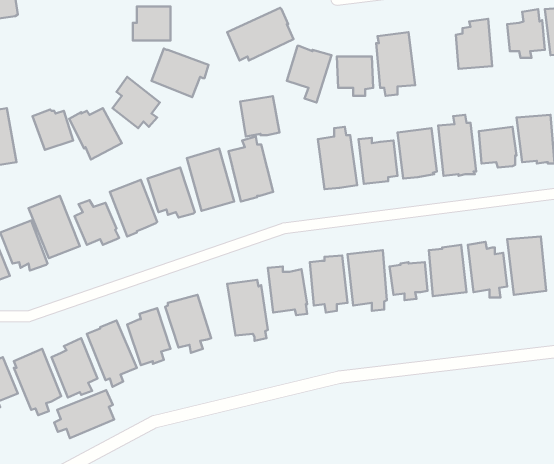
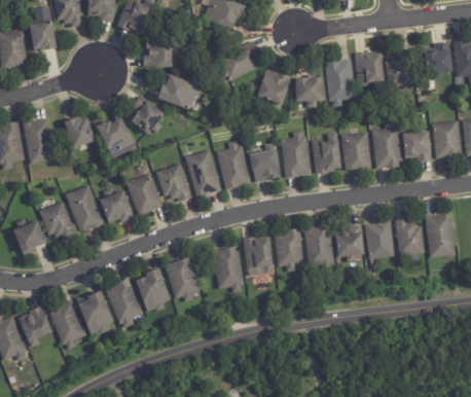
building: none -> [354,51,385,86]
building: [240,96,279,137] -> [246,148,276,179]
building: [54,390,114,438] -> none

